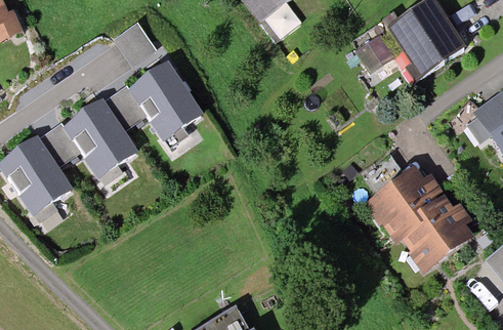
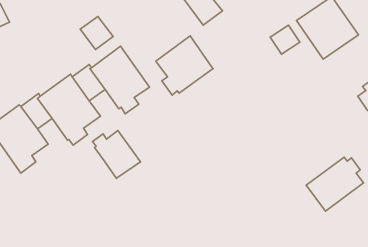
building: none -> [156,36,213,95]
building: [367,162,451,242] -> none
building: none -> [93,131,141,178]

